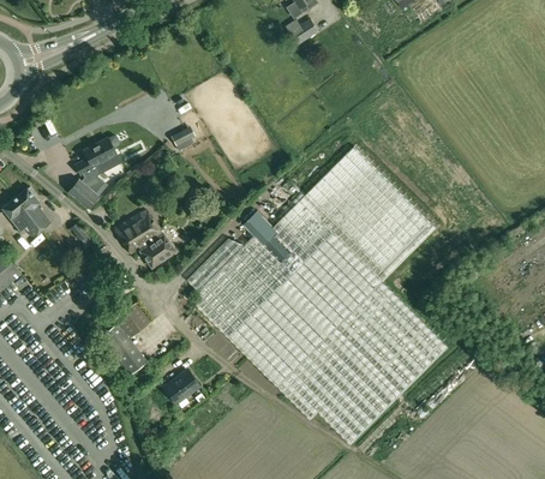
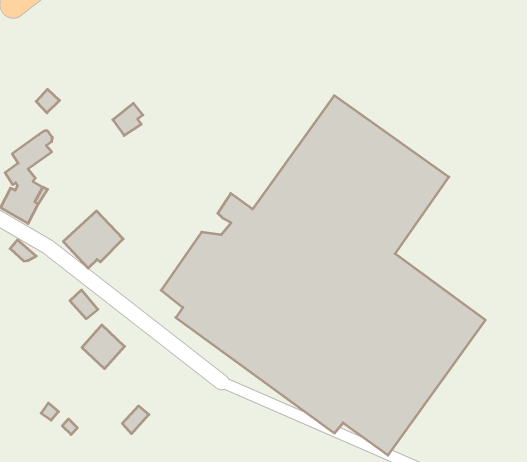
building: [139,234,175,268] -> none
building: [101,323,146,373] -> none
building: [164,369,199,402] -> none

